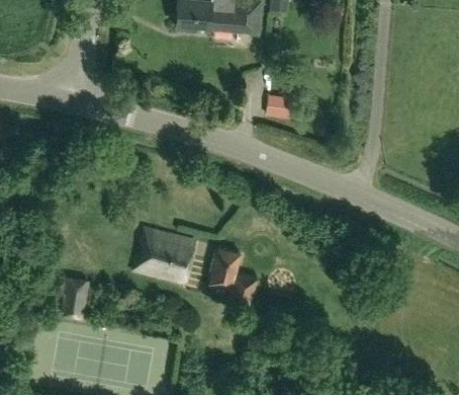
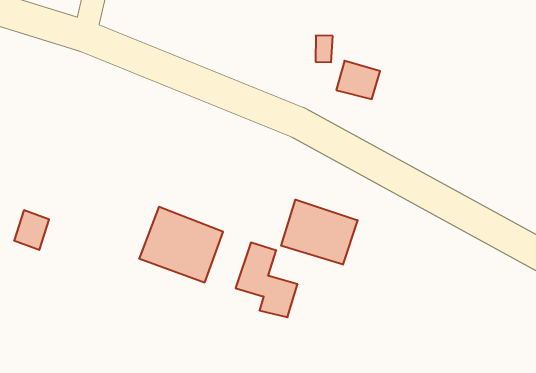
building: none -> [281,200,358,265]
building: [60,288,85,317] -> [14,210,49,250]

